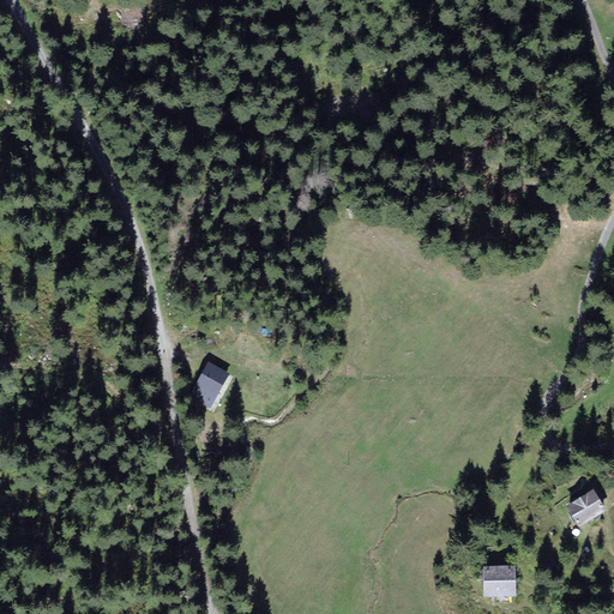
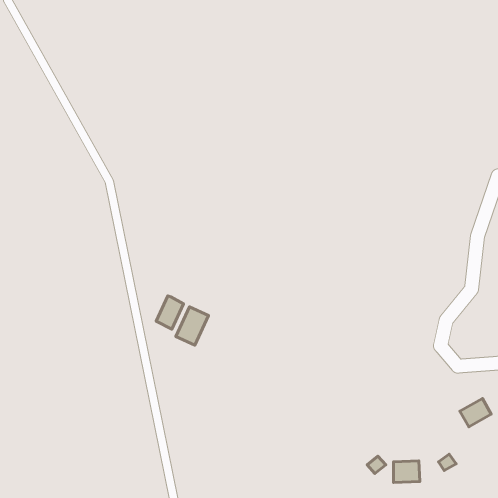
building: none -> [176,307,209,345]

